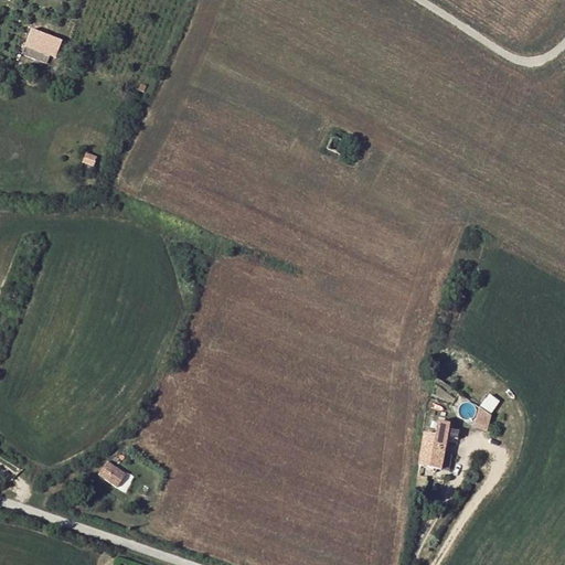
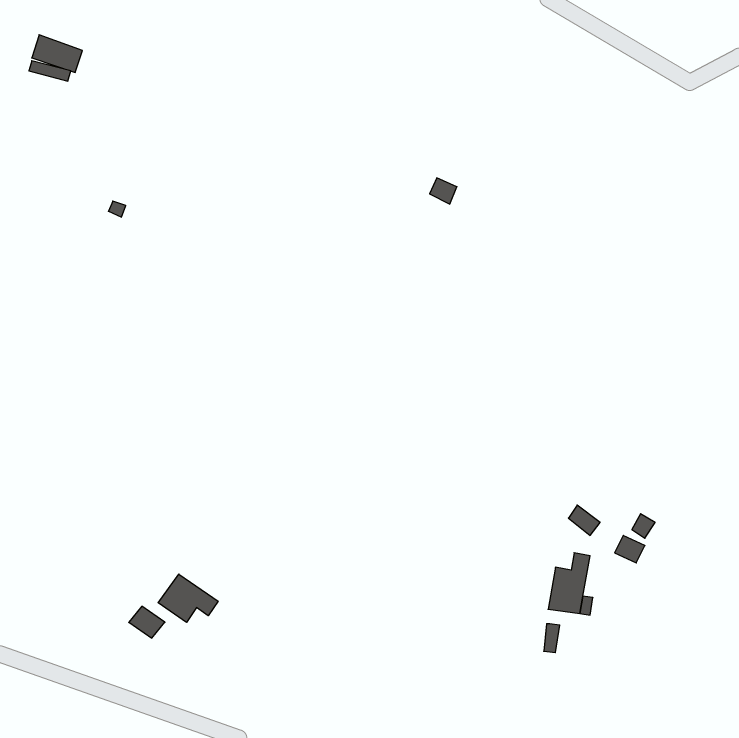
building: none -> [158,574,218,622]

